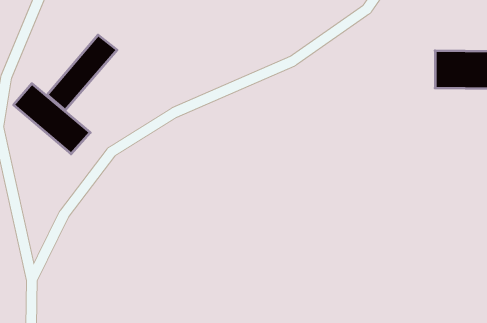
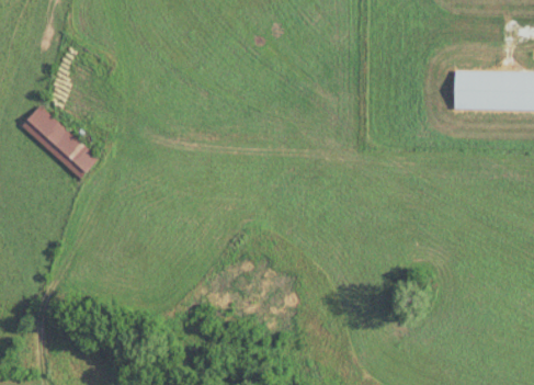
building: [47,35,117,110] -> none

